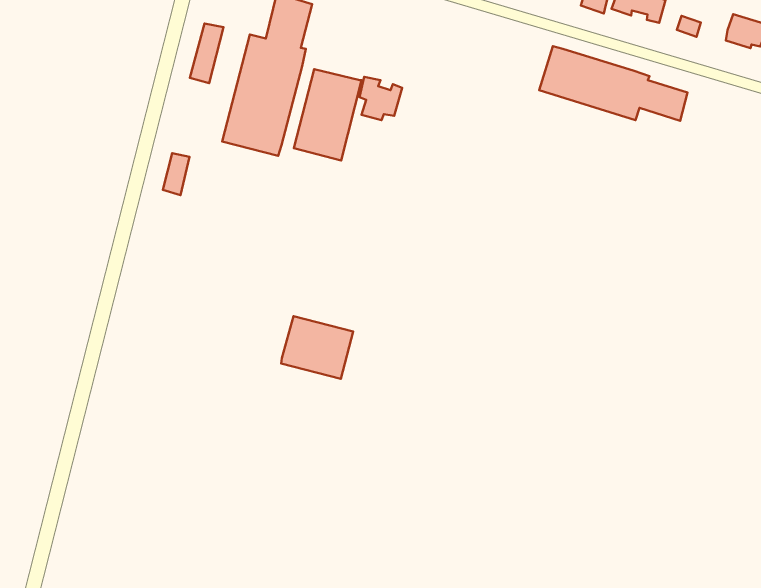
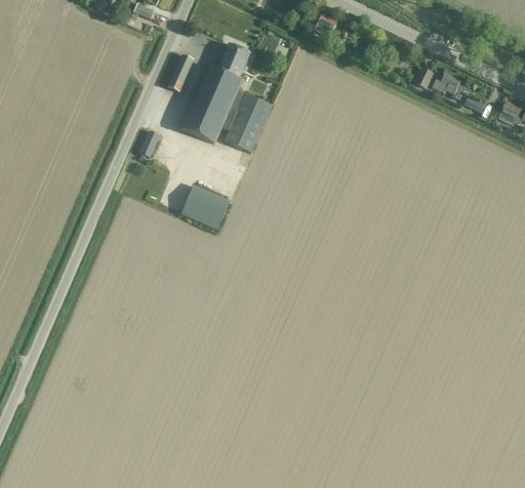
building: [539,46,687,121] -> none
building: [359,77,402,120] -> none
building: [281,316,353,379] -> [181,186,229,229]

